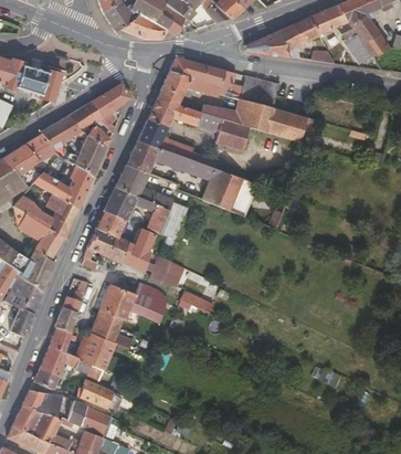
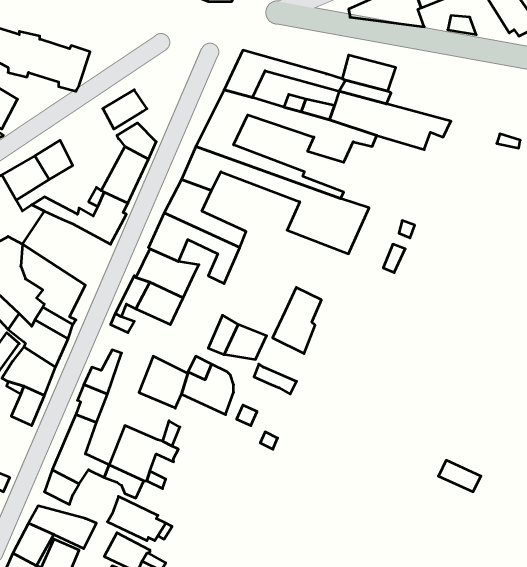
building: [172,57,238,88] -> none
building: [96,82,134,120] -> none
building: [43,113,85,152] -> none
building: [18,184,80,239] -> none
building: [122,229,156,275] -> [273,287,321,354]
building: [89,312,123,345] -> none

